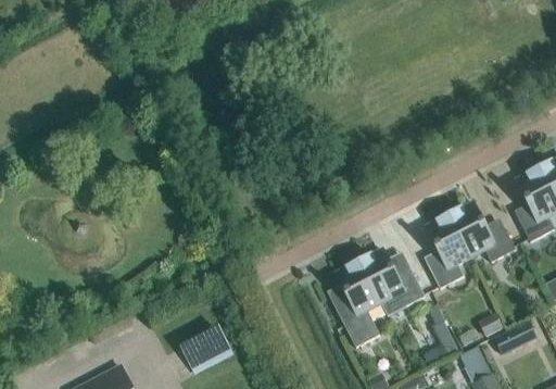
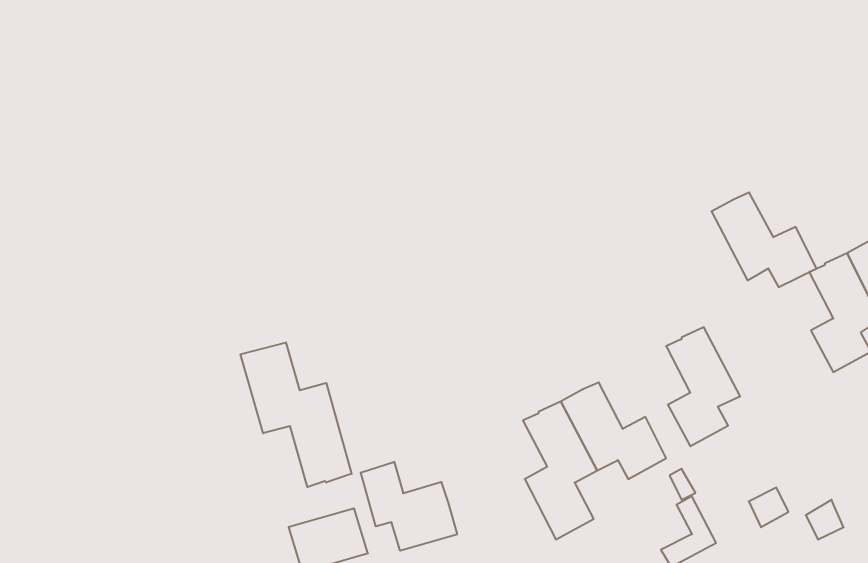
building: [450,201,516,261] -> [711,192,816,287]
building: none -> [240,342,352,487]
building: none -> [361,462,457,551]

